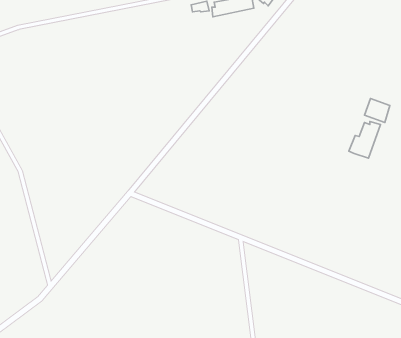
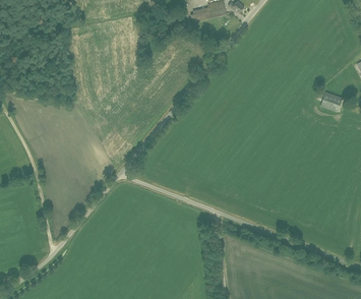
building: [349,121,381,158] -> none

